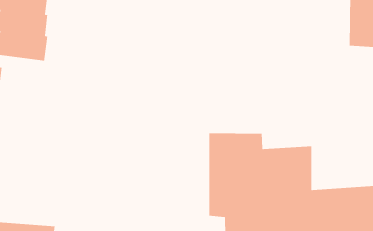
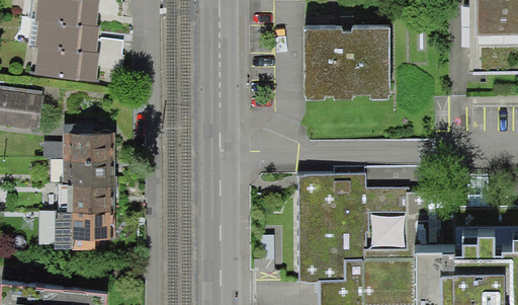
building: none -> [305,25,396,102]
building: none -> [55,134,114,249]

